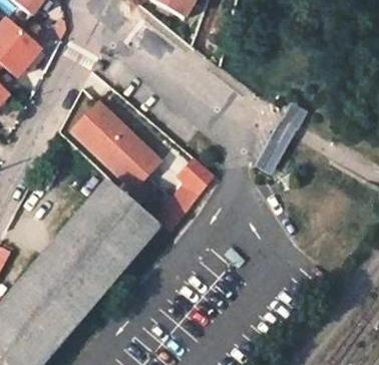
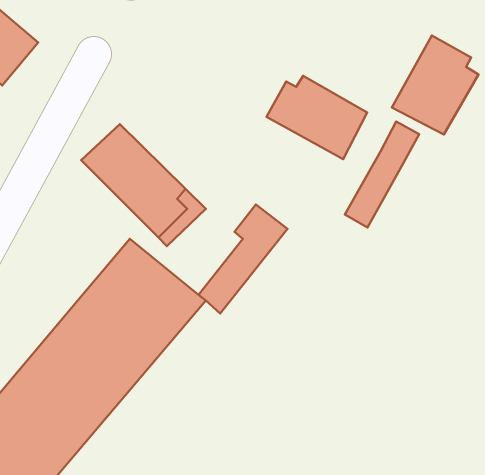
building: none -> [392,35,479,135]
building: none -> [267,76,367,159]

